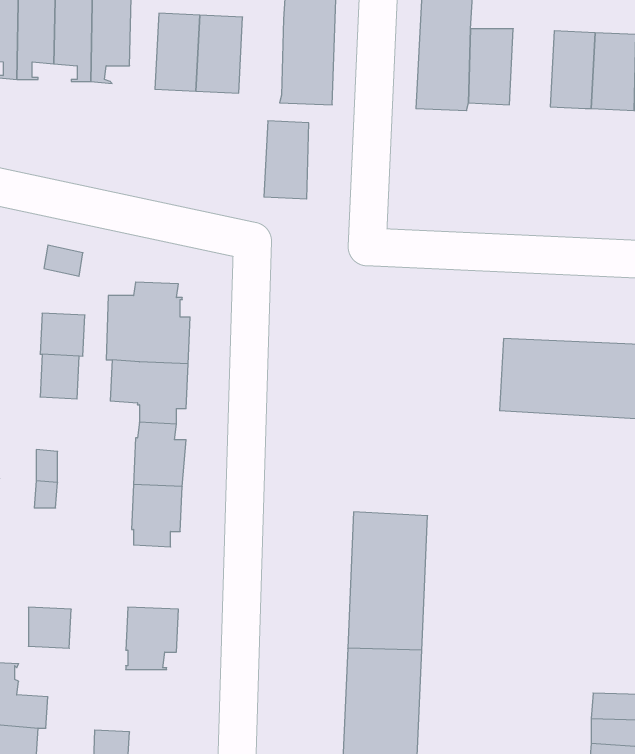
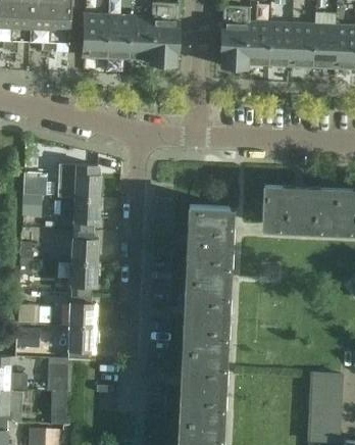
building: none -> [268,23,292,64]
building: [264,121,309,199] -> [126,17,150,58]
building: none -> [187,204,229,279]
building: none -> [68,294,96,328]
building: none -> [51,363,70,392]

